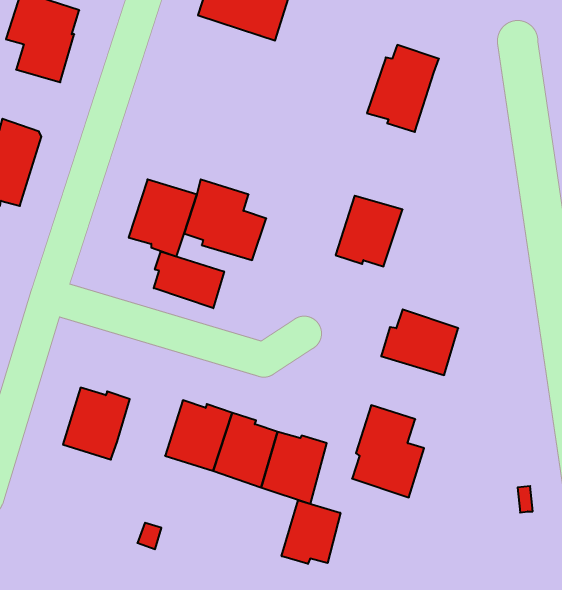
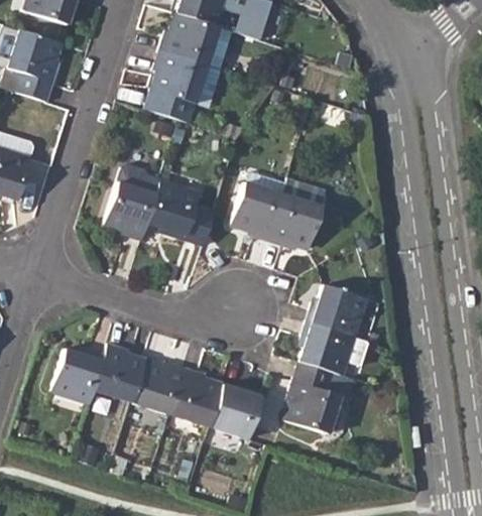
building: none -> [141,49,210,123]
building: [367,45,439,132] -> [232,171,289,241]
building: [154,251,224,308] -> none
building: none -> [298,321,371,375]
building: none -> [96,342,148,401]
building: [282,500,340,564] -> none

